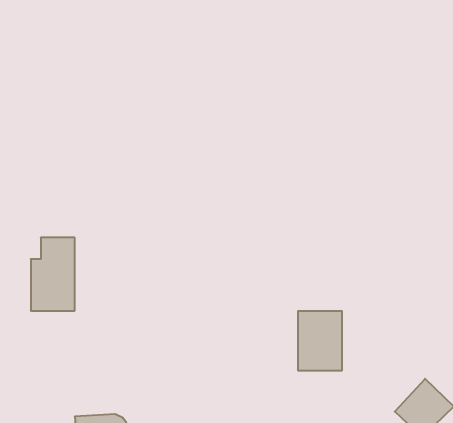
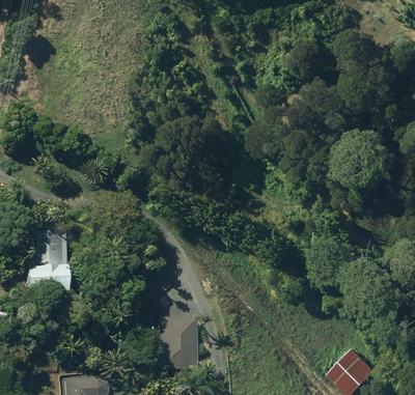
building: [298,311,342,370] -> [160,318,196,367]

